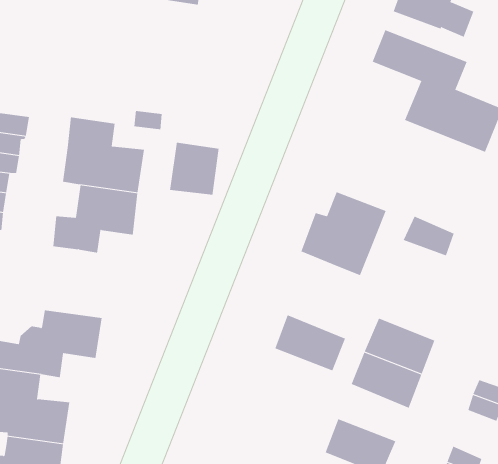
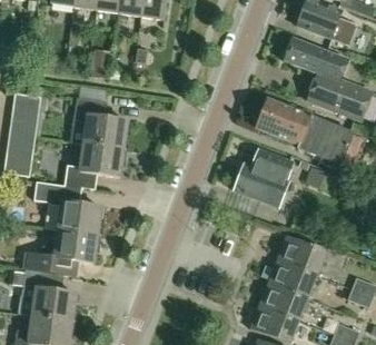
building: none -> [256,98,354,168]
building: [169,142,219,196] -> none
building: none -> [44,184,101,235]
building: [274,314,346,371] -> [259,280,308,319]

